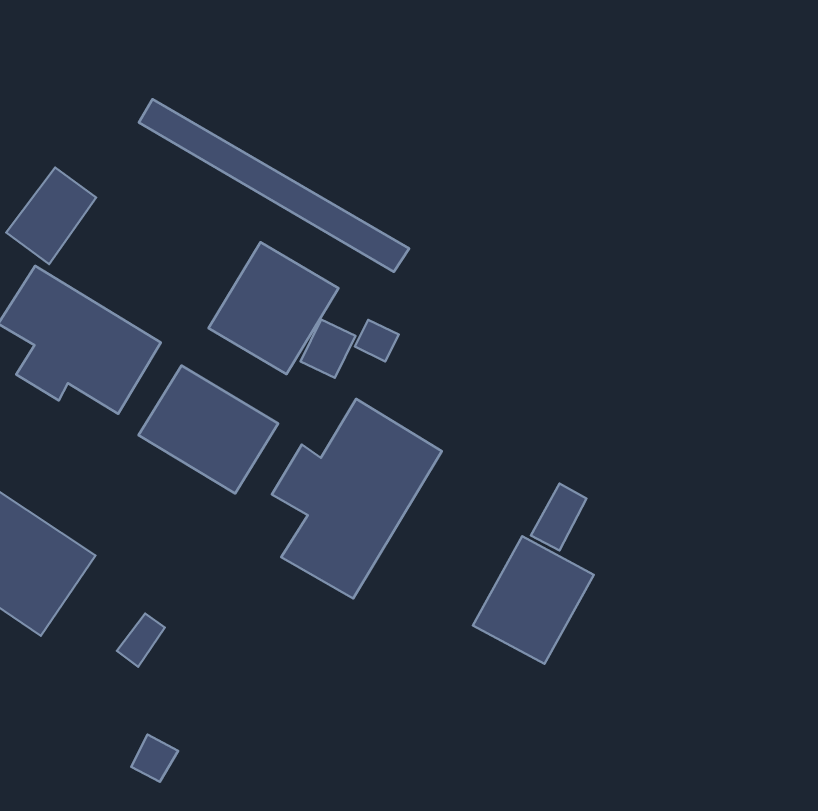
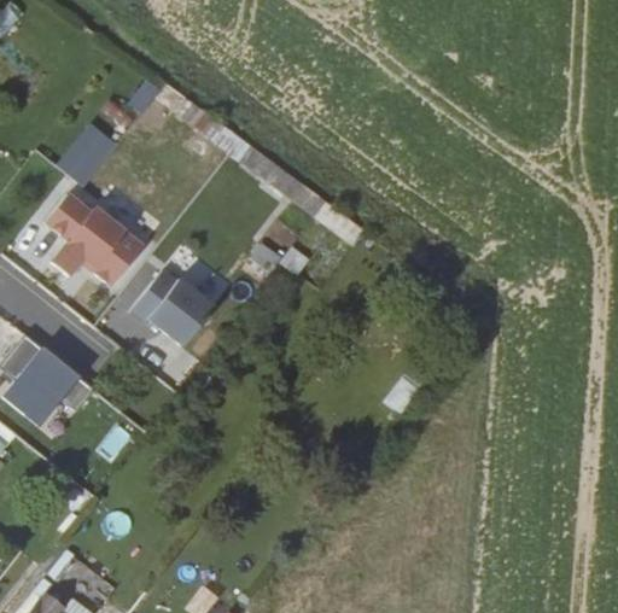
building: [209,242,338,374] -> none
building: [272,399,442,599] -> none
building: [473,536,594,664] -> none

